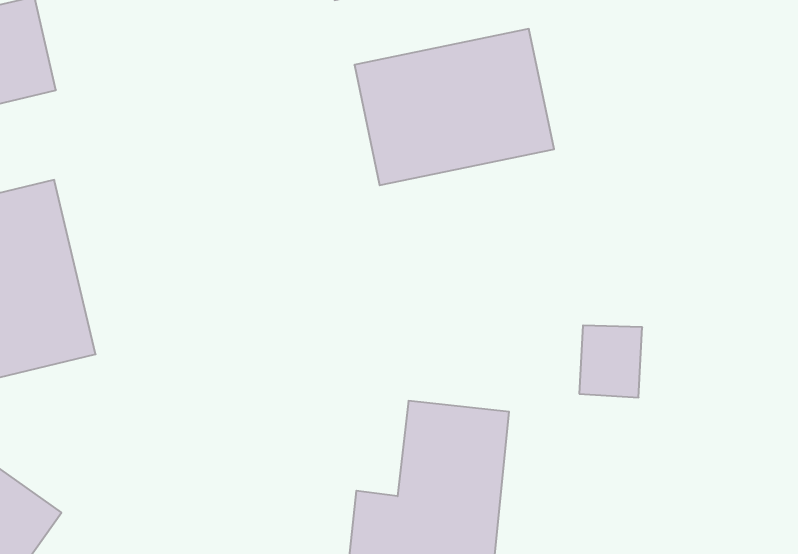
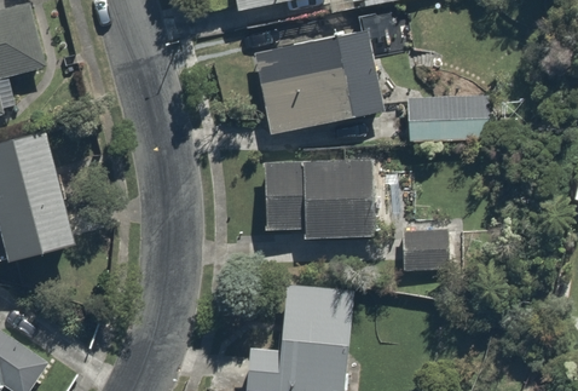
building: none -> [404,91,491,138]
building: none -> [264,162,381,237]

